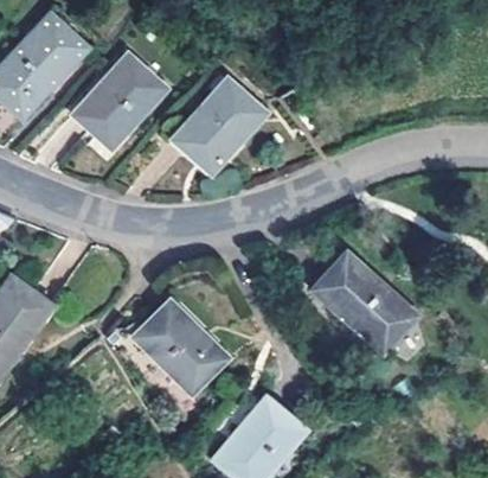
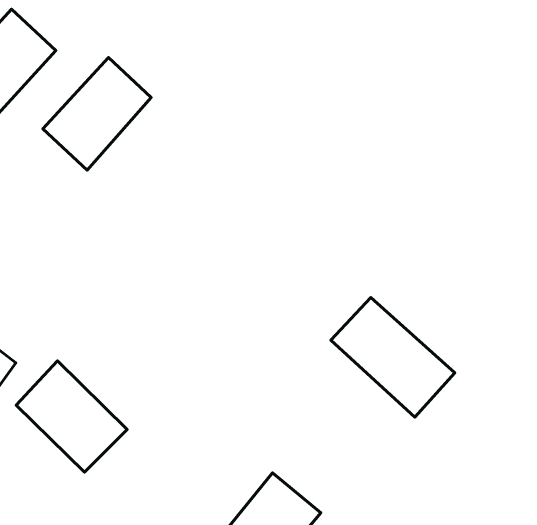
building: [175,77,267,170] -> none
building: [136,300,229,393] -> [16,361,127,472]

